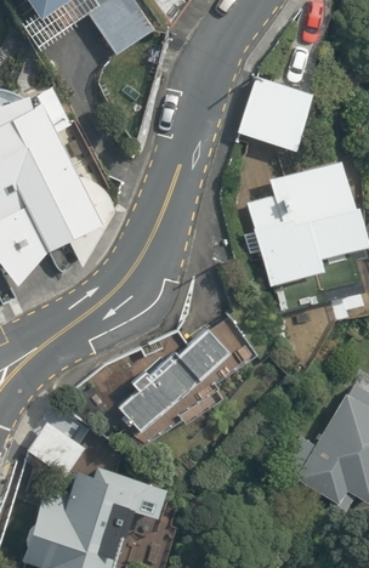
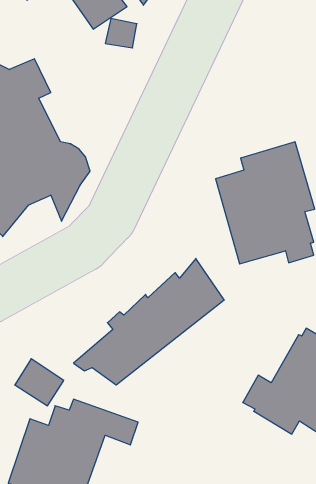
building: [240,83,306,148] -> none

